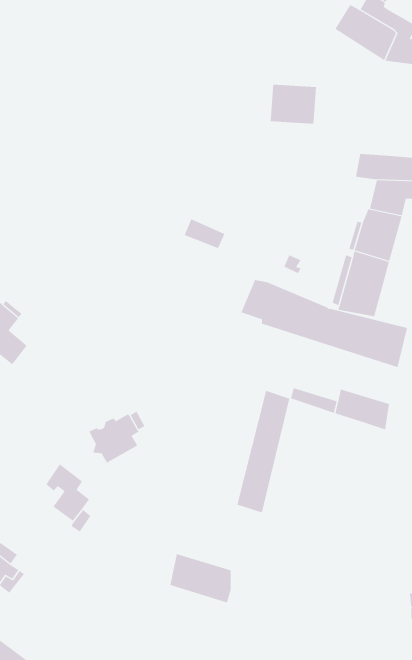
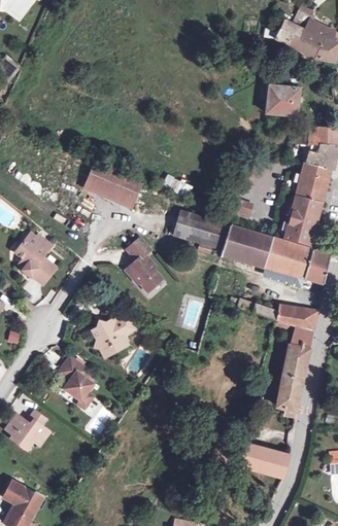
building: [270,84,317,124] -> [271,86,306,116]
building: none -> [83,166,139,205]
building: none -> [170,210,216,244]
building: none -> [131,239,165,290]
building: [236,390,290,513] -> [274,325,314,417]
building: [169,553,232,603] -> [244,441,291,478]

